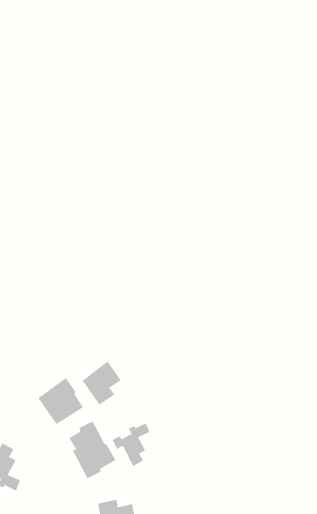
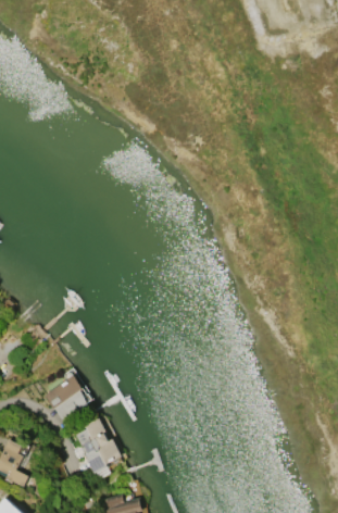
building: [82,360,122,405] -> none
building: [112,423,150,467] -> none

